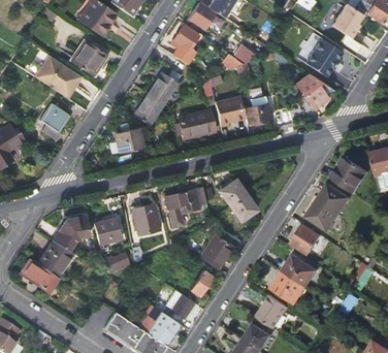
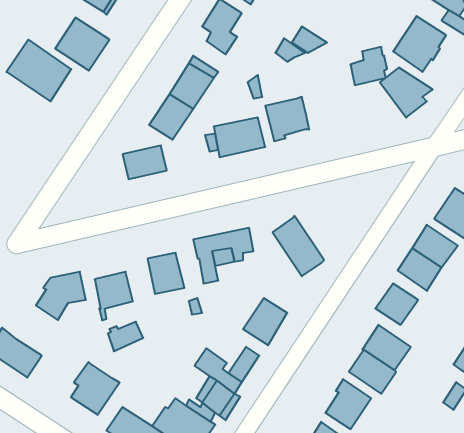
building: [244,95,269,122] -> [350,47,387,85]
building: [37,102,64,138] -> none
building: [40,239,74,277] -> [71,362,120,415]

